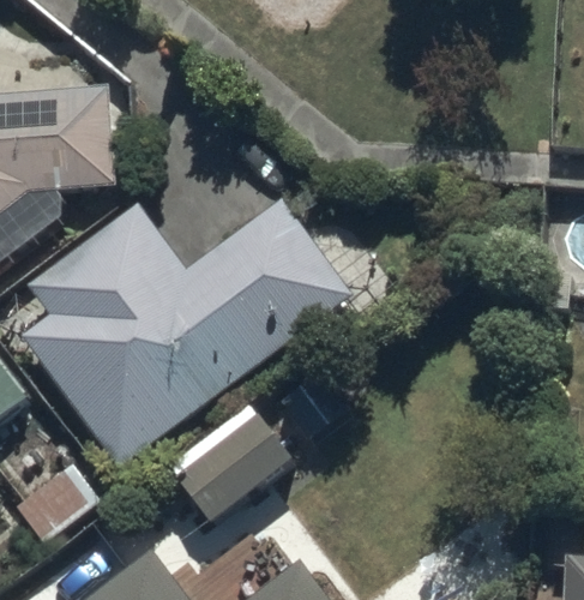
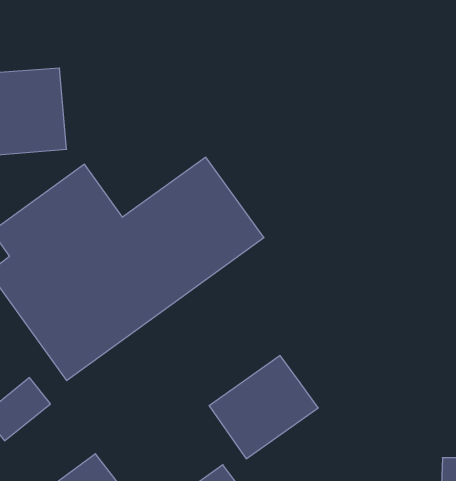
building: [164,406,295,529] -> [209,356,318,459]

